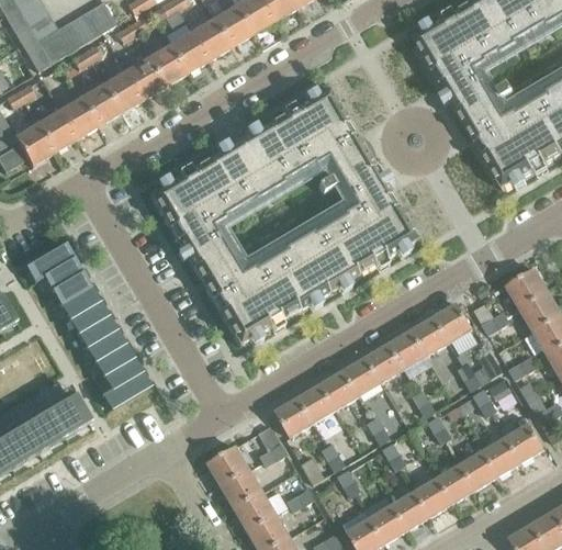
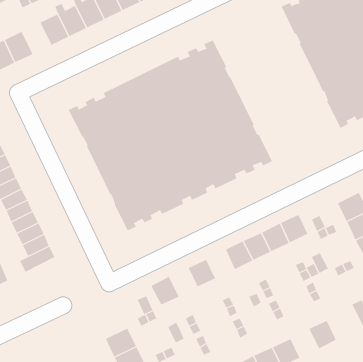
building: [80,83,120,125] -> none
building: [344,357,381,395] -> none
building: [297,384,335,423] -> none
building: [506,416,543,461] -> none
building: [207,446,249,485] -> none
building: [461,450,498,489] -> none

